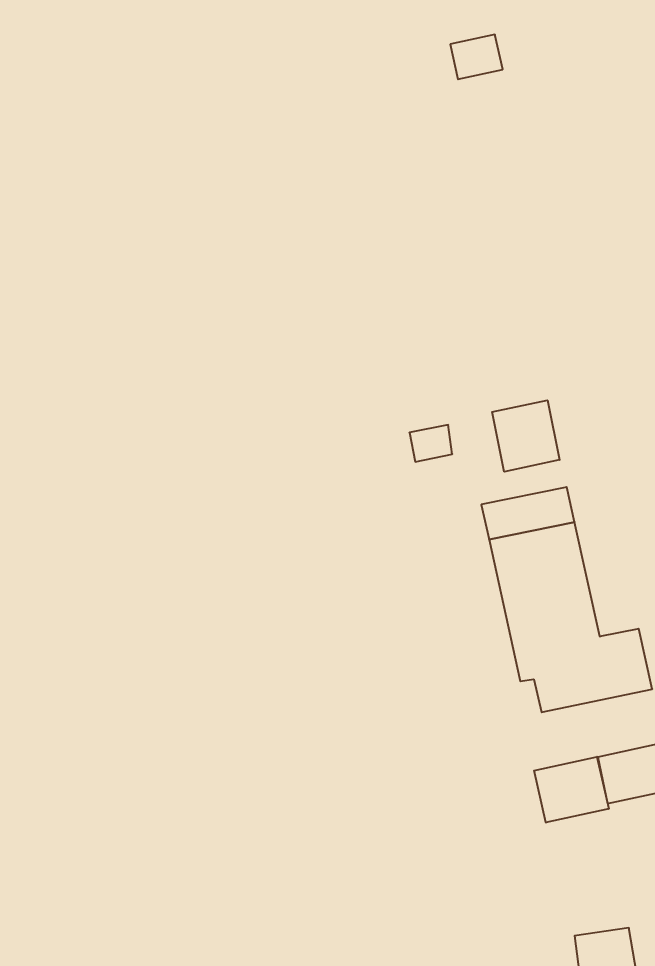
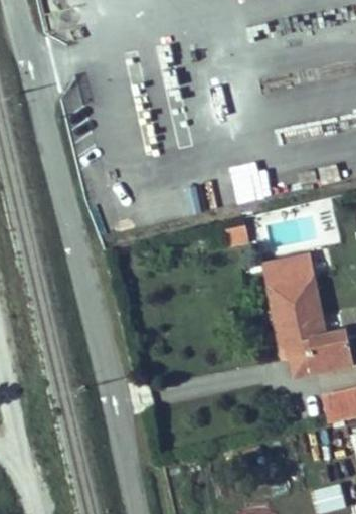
building: [492,400,560,472] -> none
building: [534,757,609,823] -> none

